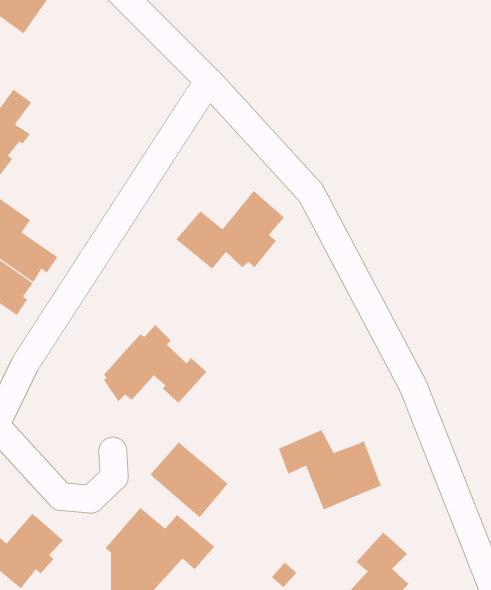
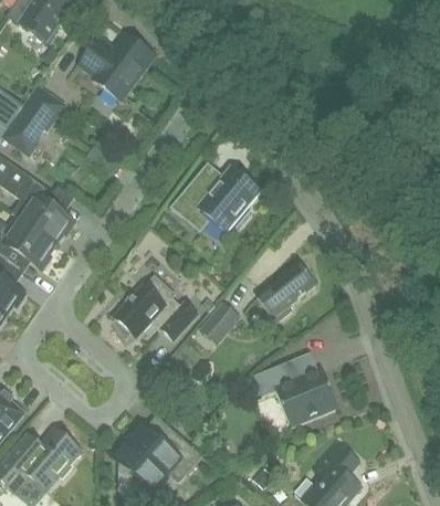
building: none -> [81,33,156,101]
building: none -> [258,263,316,321]
building: none -> [199,299,241,344]
building: [149,441,228,518] -> none

